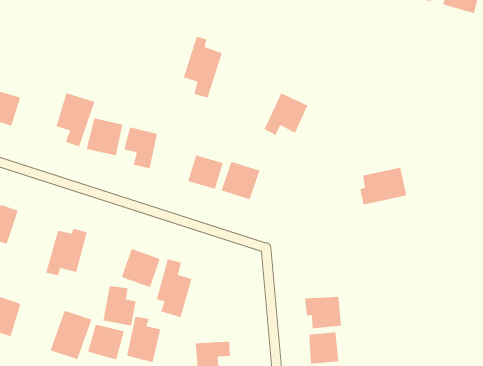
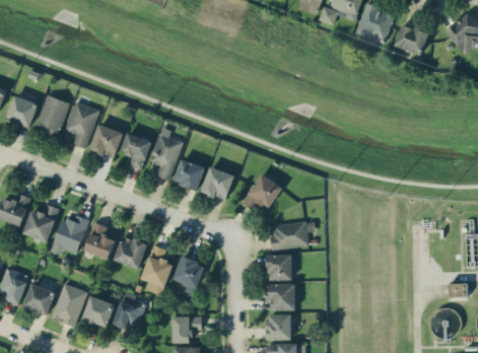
building: [183,36,223,98] -> [148,127,183,180]
building: none -> [36,94,69,138]
building: [264,92,308,136] -> [243,173,281,210]
building: [359,167,407,206] -> [269,220,309,251]
building: none -> [22,204,58,242]
building: none -> [267,255,293,280]
building: none -> [170,256,204,292]
building: [103,285,137,326] -> [84,222,114,258]
building: none -> [22,283,55,315]

